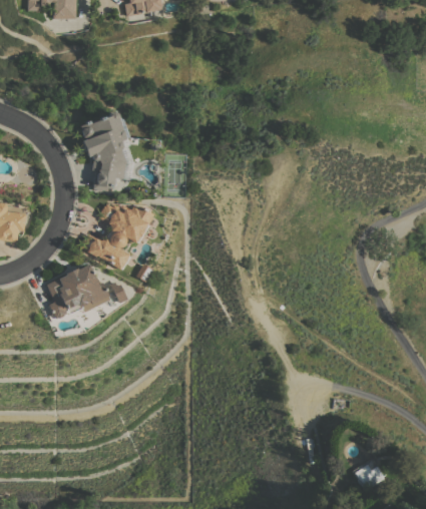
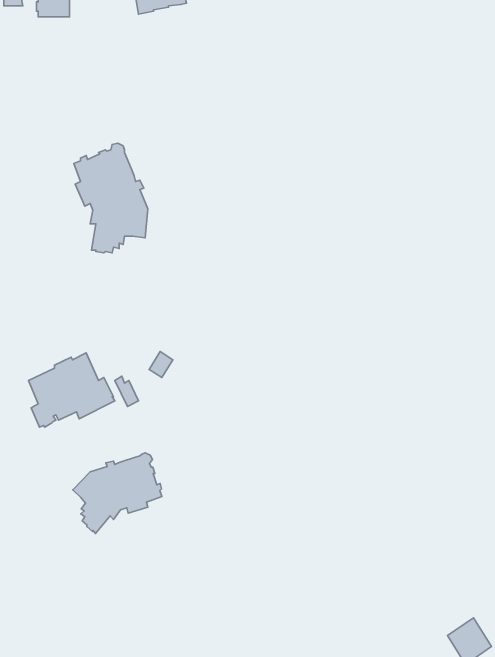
building: [80,202,154,270] -> none
building: none -> [73,453,162,533]

